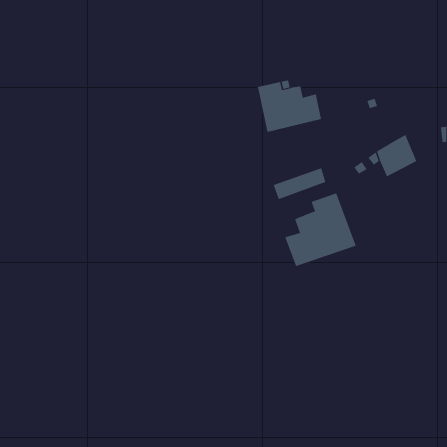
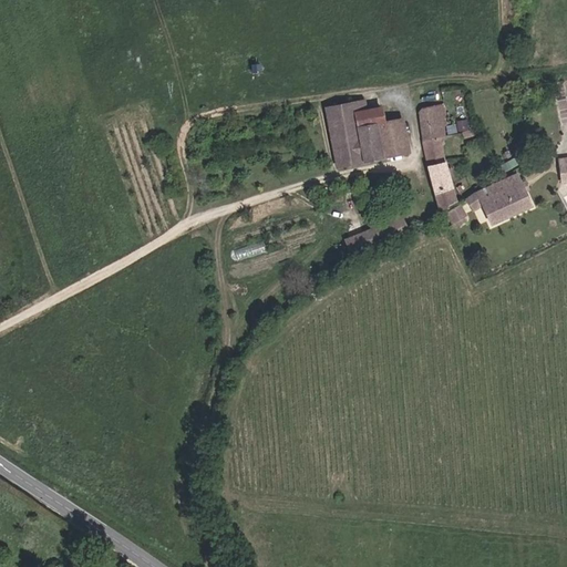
building: none -> [419,103,457,212]
building: [285,192,356,267] -> none

